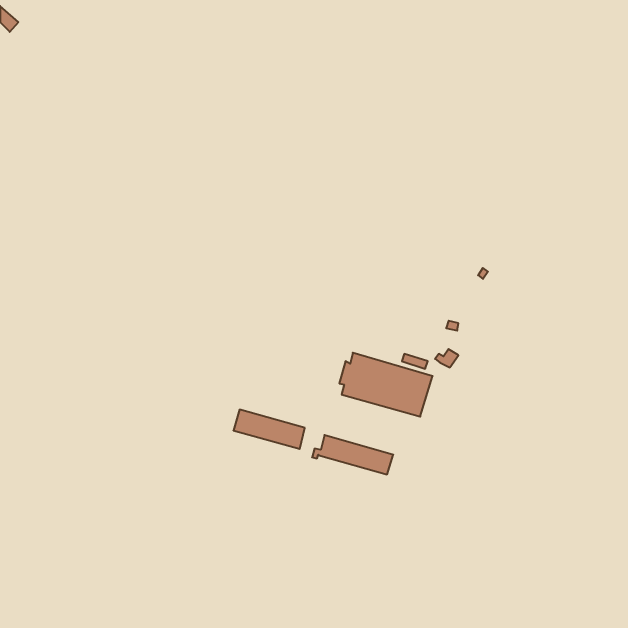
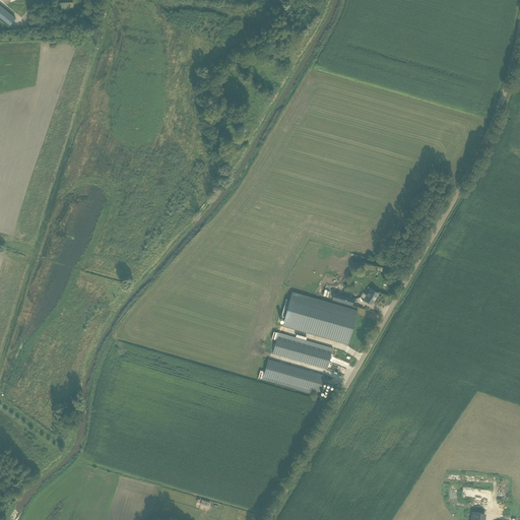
building: [233,410,305,449] -> [272,336,331,369]

